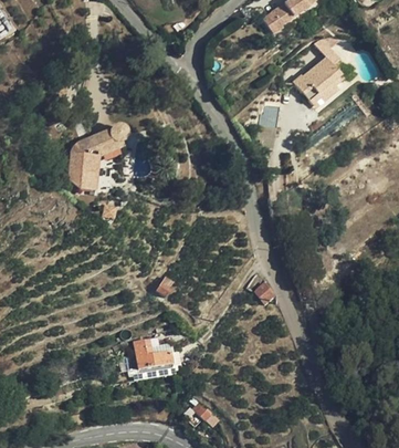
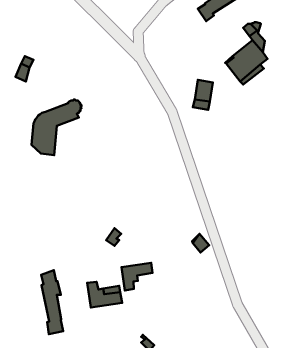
building: none -> [121,263,152,291]
building: none -> [41,270,63,334]

